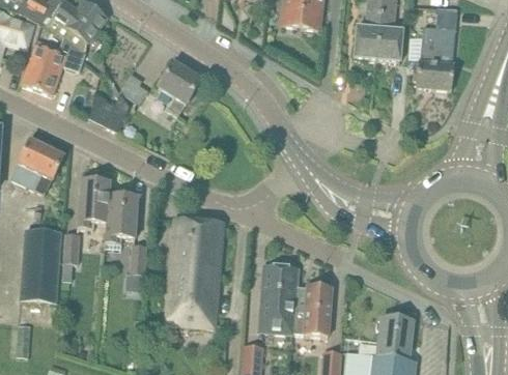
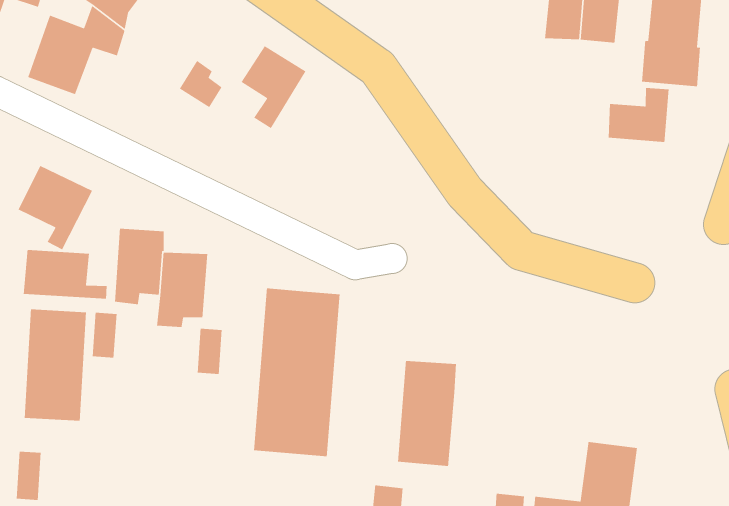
building: none -> [608,87,670,143]
building: [89,92,130,129] -> none
building: none -> [23,249,108,299]
building: [292,283,332,335] -> none

